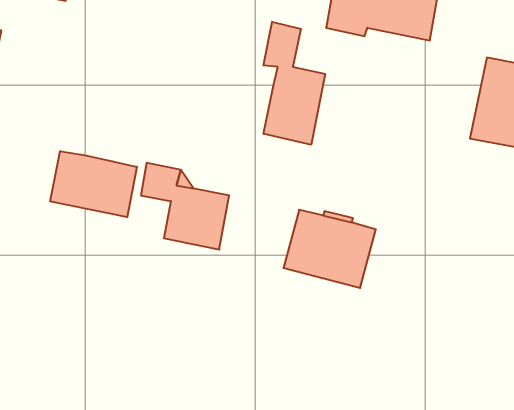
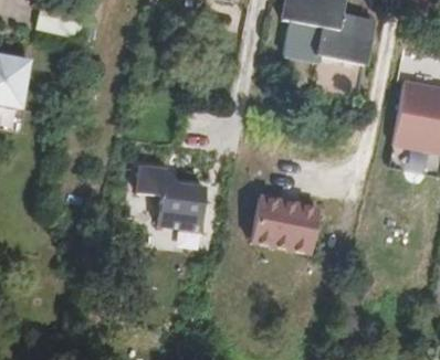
building: [263,22,325,145] -> none
building: [50,151,137,217] -> none

